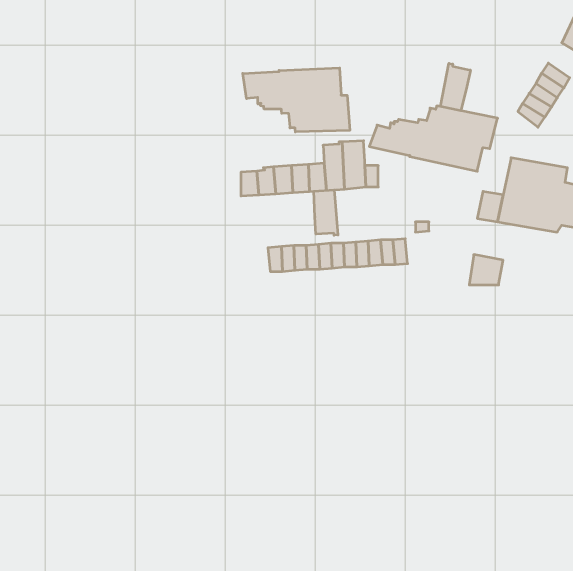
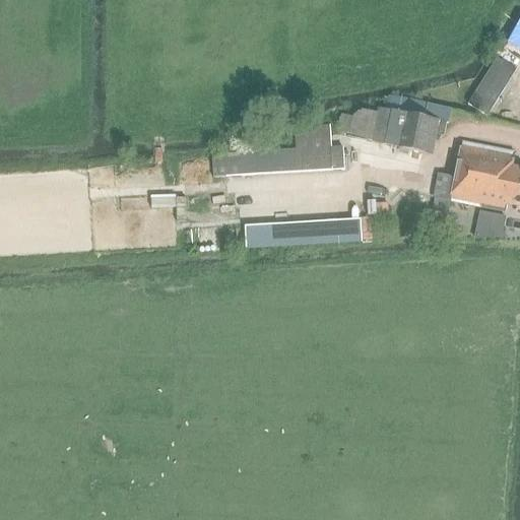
building: [440,63,470,111] -> none
building: [243,68,350,132] -> none
building: [314,190,338,235] -> none
building: [469,255,503,285] -> [476,208,507,236]

